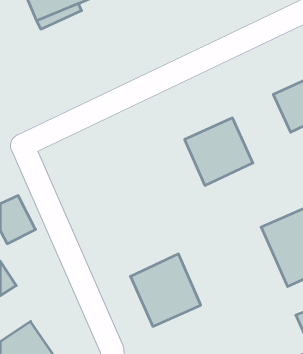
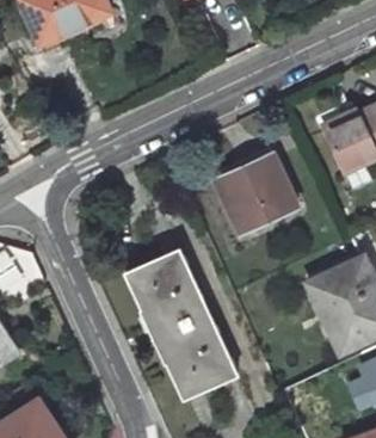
building: none -> [123,246,210,340]

